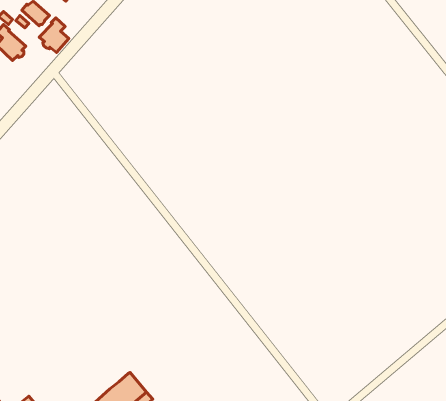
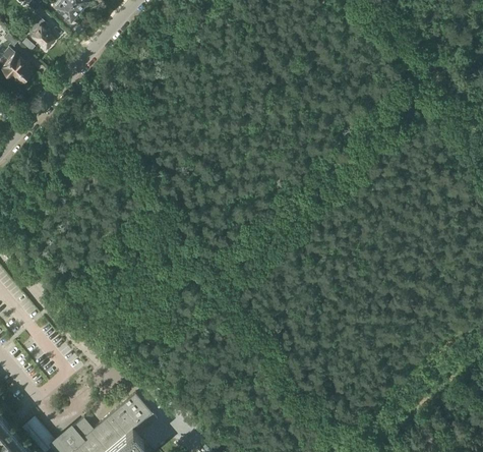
building: [39,18,69,52] -> none

